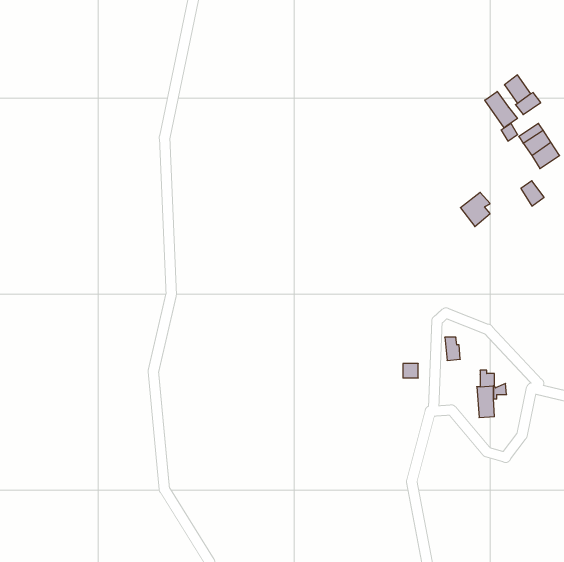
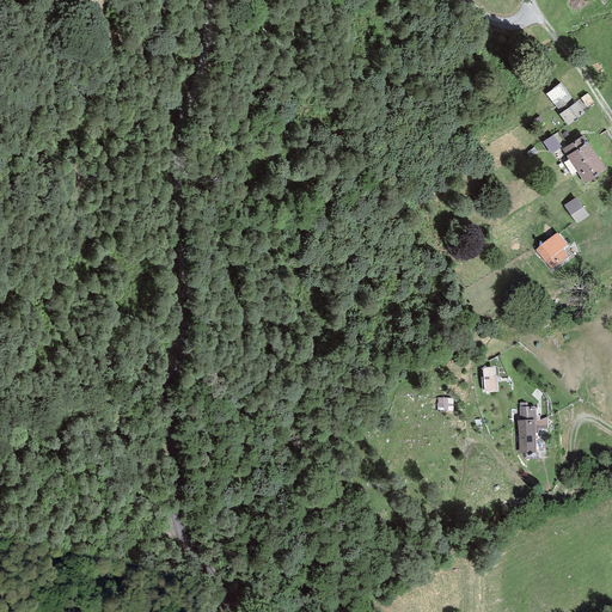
building: [485,91,517,128] -> none
building: [460,192,490,227] -> [536,232,568,269]

